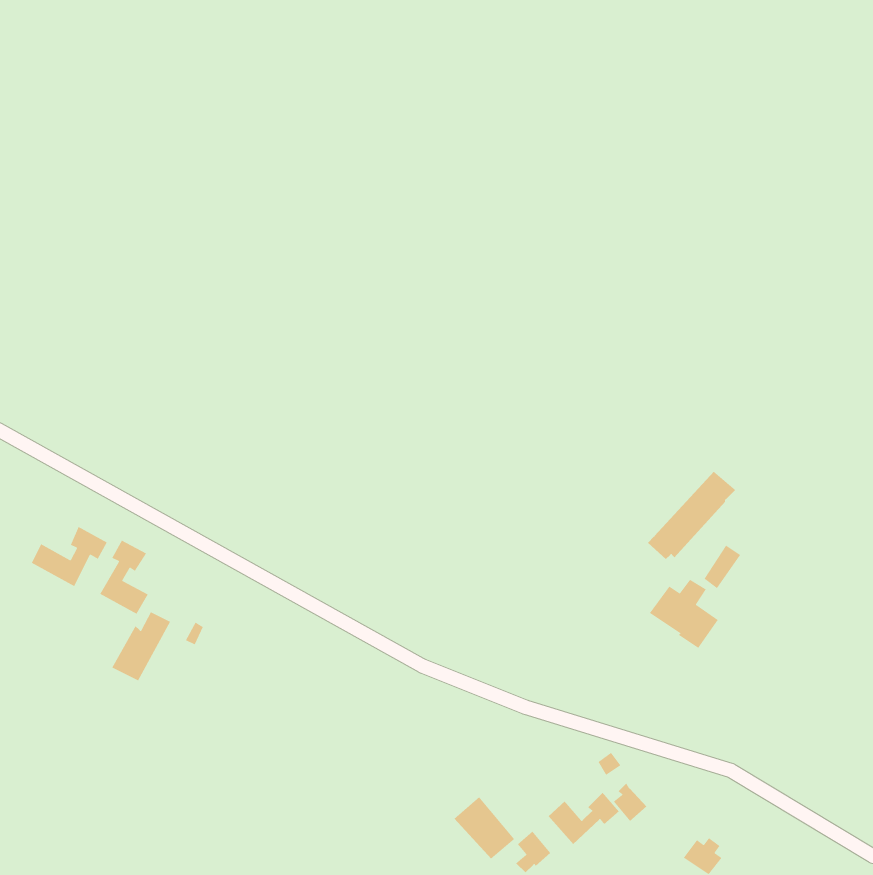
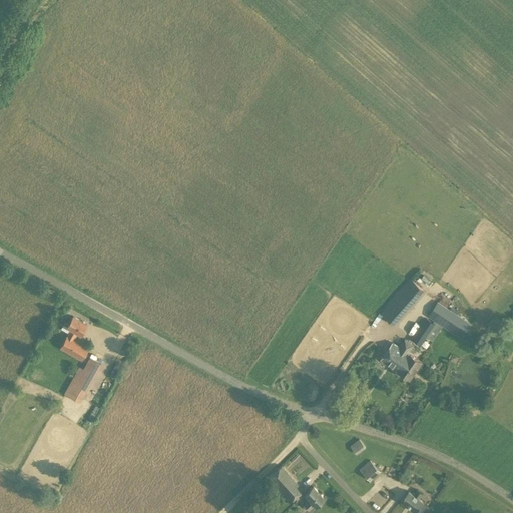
building: none -> [427,302,471,339]
building: [31,526,108,587] -> none
building: [548,792,620,845] -> none

